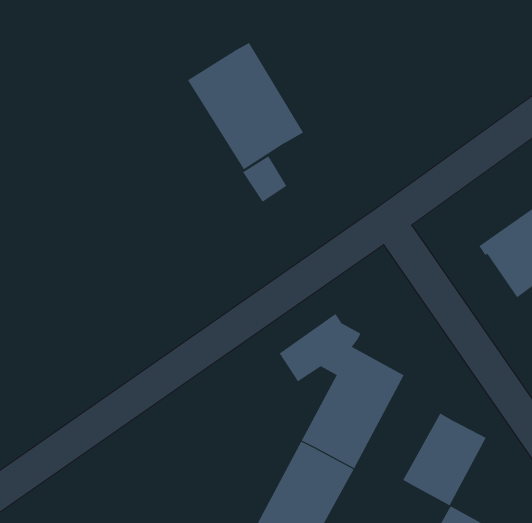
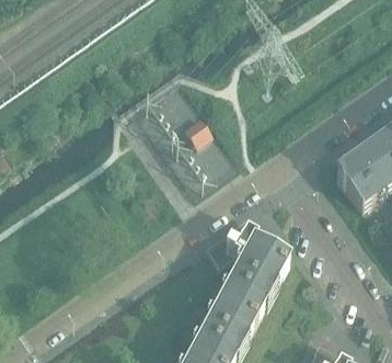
building: [187,42,304,170] -> none
building: [403,413,487,506] -> none

